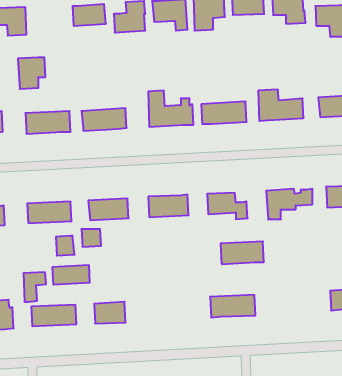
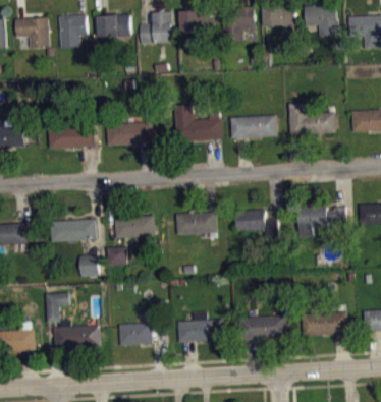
building: [18,57,45,89] -> [58,14,87,47]
building: [221,241,264,264] -> [304,311,348,335]
building: [53,265,90,285] -> none
building: none -> [177,311,224,342]

